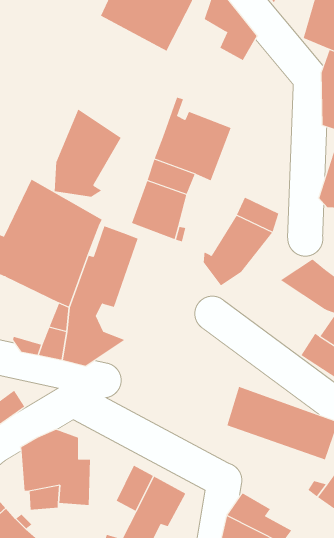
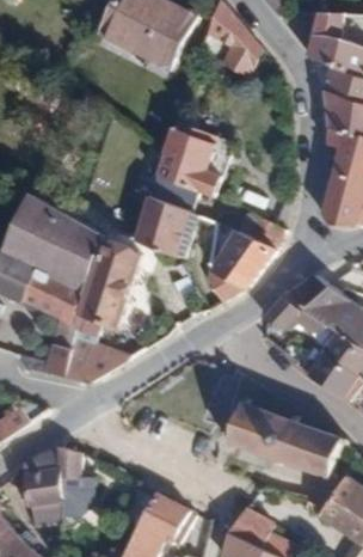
building: [54,109,122,198] -> none
building: none -> [264,296,328,332]

